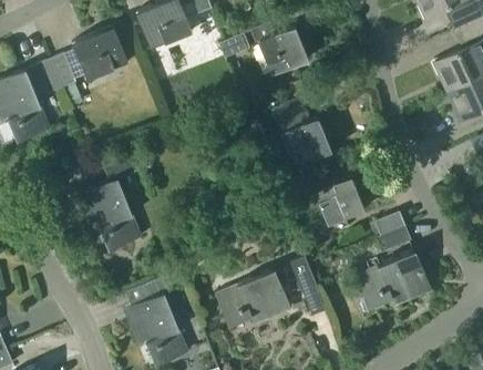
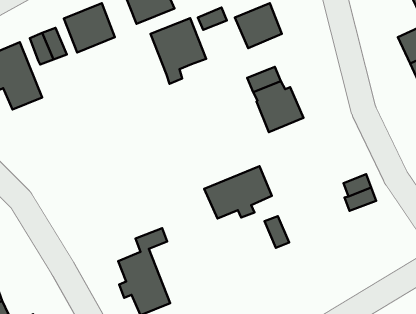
building: none -> [151,18,206,84]
building: [85,156,142,250] -> none
building: [315,176,366,225] -> none
building: [356,250,429,307] -> none
building: [215,269,288,326] -> [204,166,272,219]

